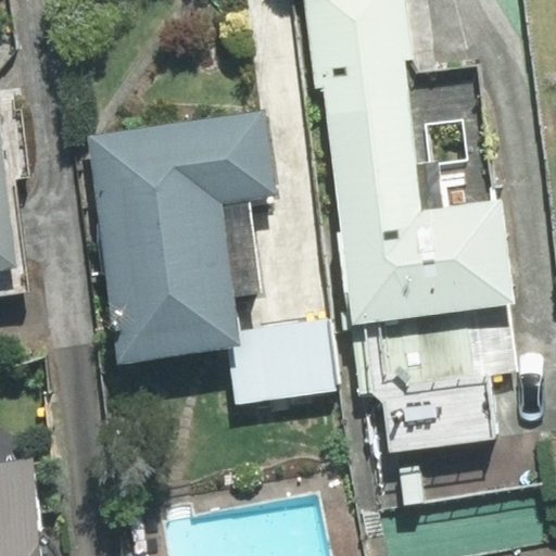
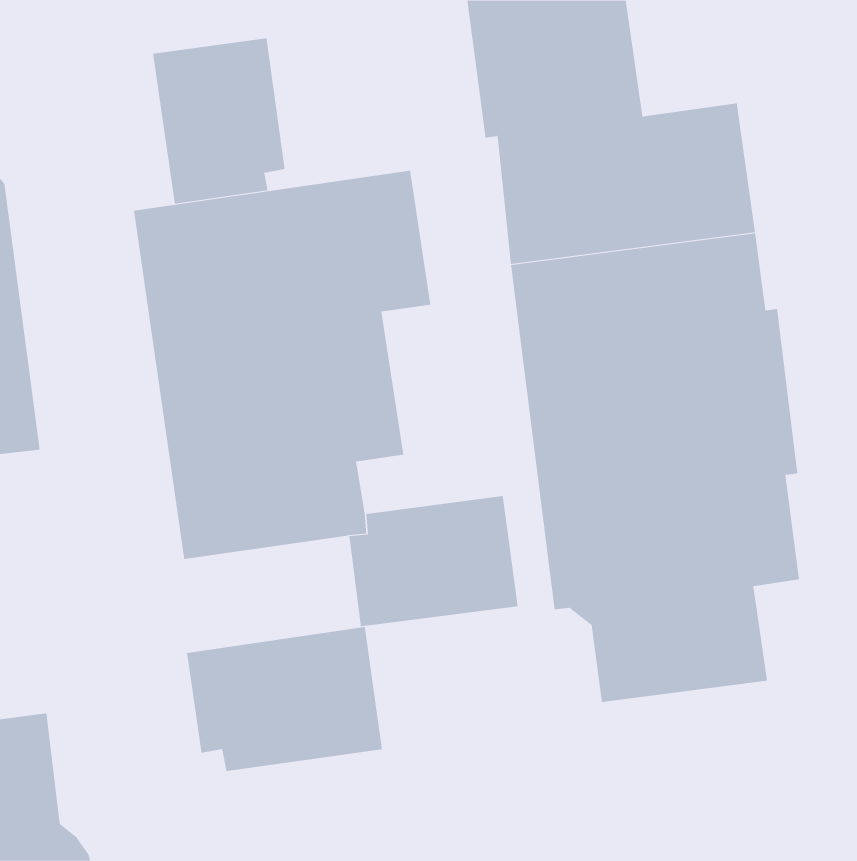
building: none -> [152,37,285,205]
building: none -> [186,626,382,772]

